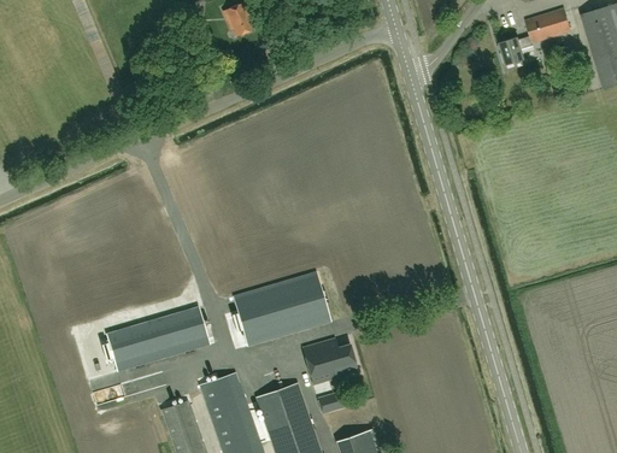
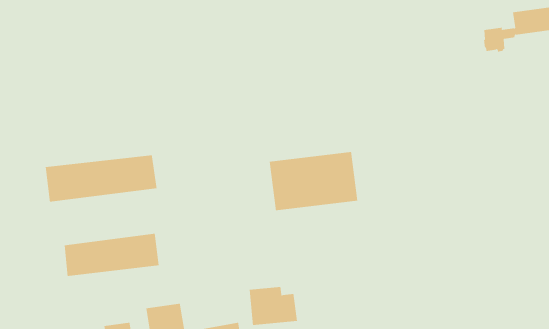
building: none -> [45,154,157,202]
building: [233,272,330,346] -> [269,152,358,211]

